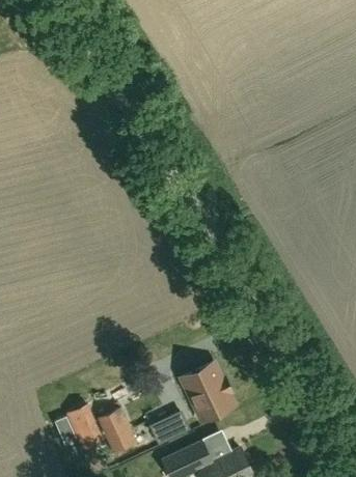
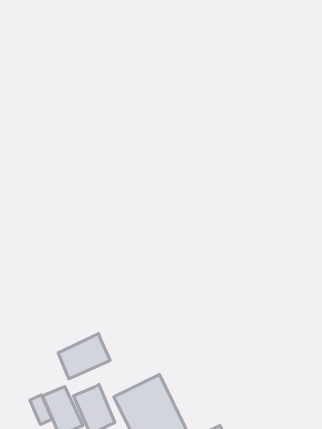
building: none -> [58,334,110,379]
building: [182,363,235,421] -> none

